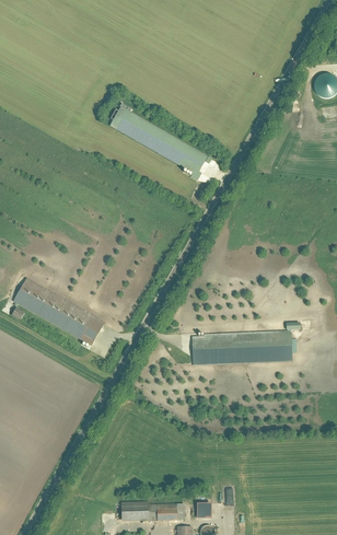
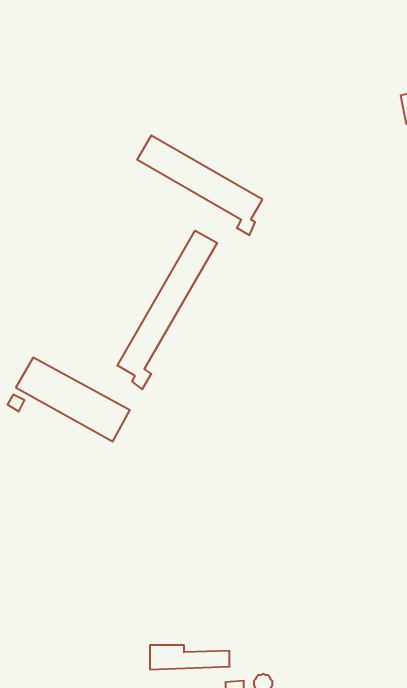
building: none -> [117,231,217,389]
building: [195,328,294,364] -> none

